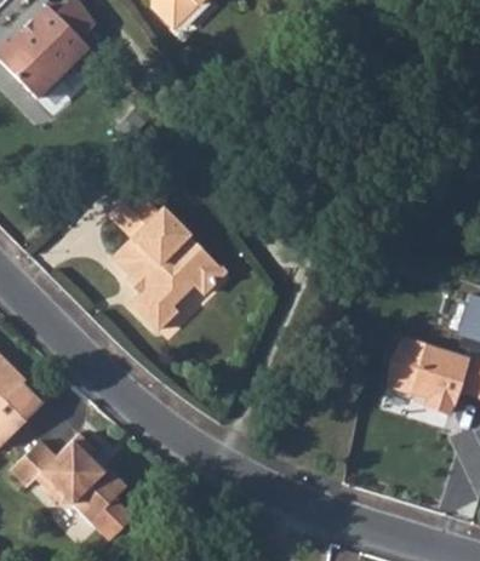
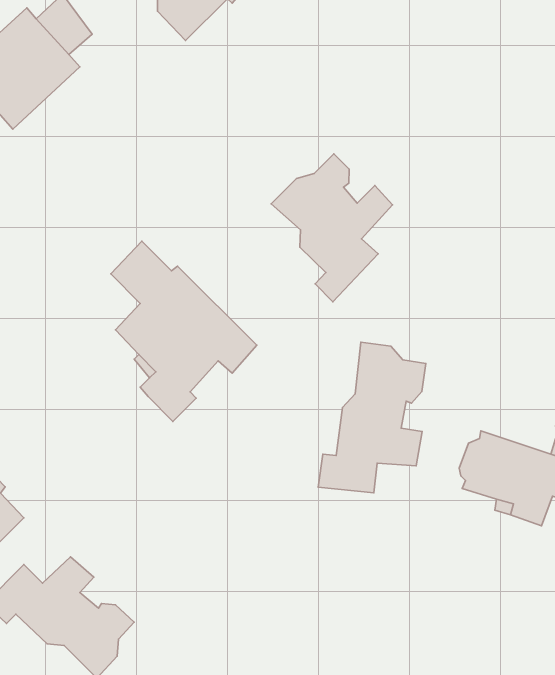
building: none -> [271,154,393,302]
building: none -> [318,342,426,493]

